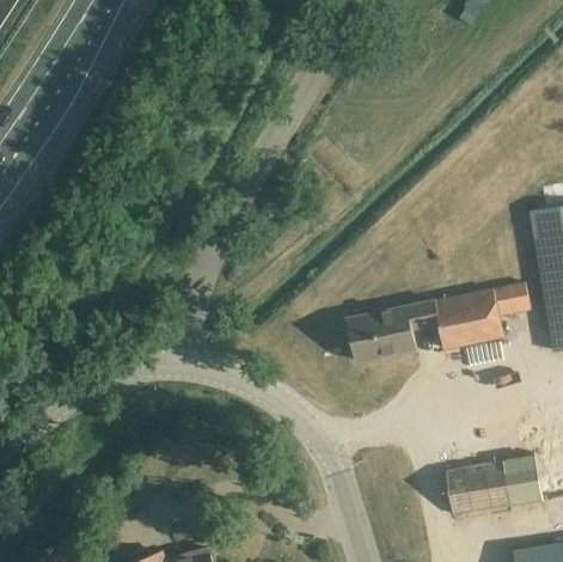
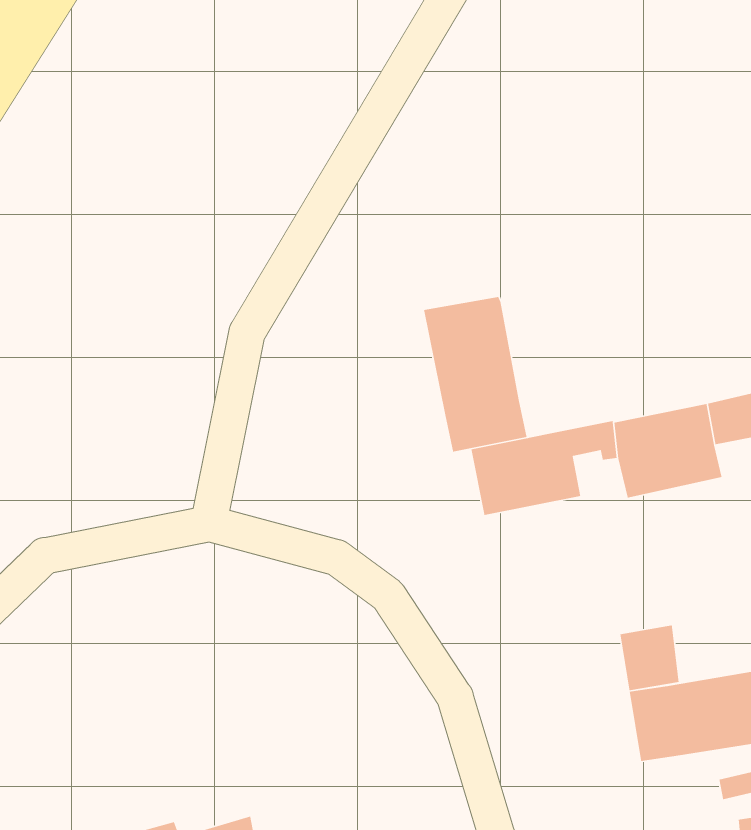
building: none -> [423,296,528,453]
building: none -> [620,624,679,691]

